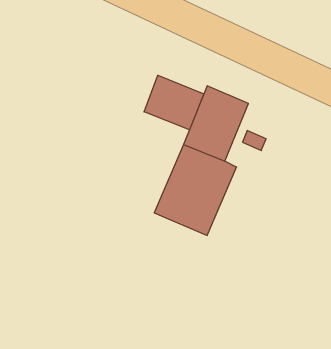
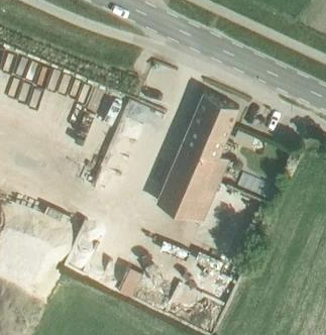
building: [144,75,204,130] -> none

